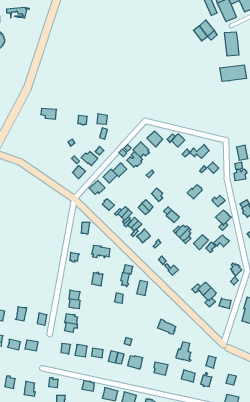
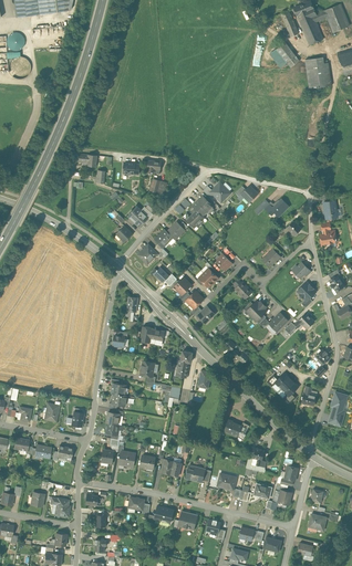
building: [220,65,246,81] -> none

